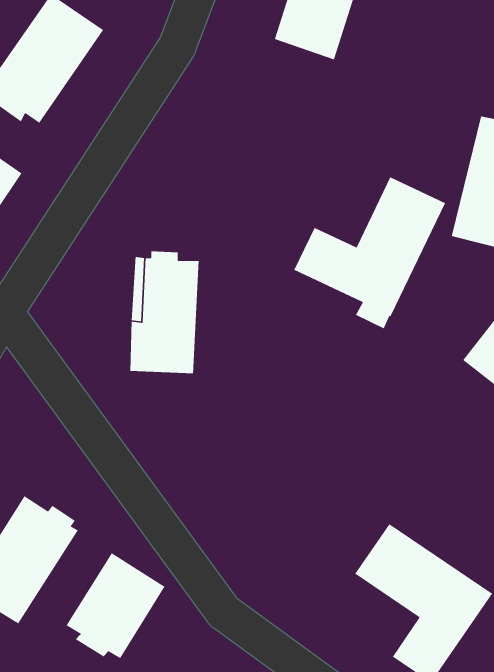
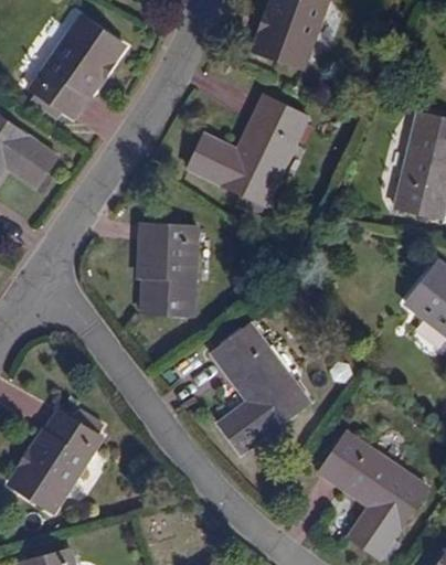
building: [293,176,446,329] -> [187,96,307,216]
building: none -> [212,323,310,452]
building: [65,552,166,659] -> none

